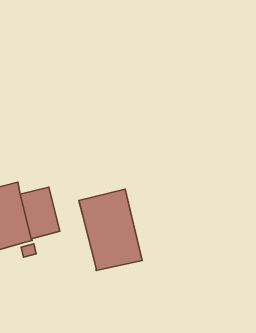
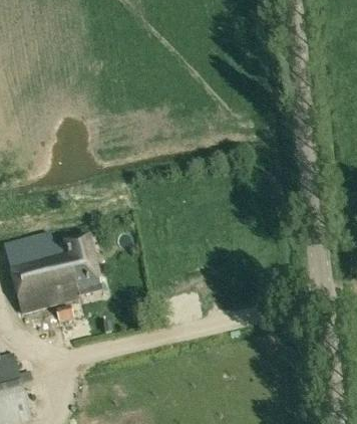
building: [79,189,142,271] -> none

